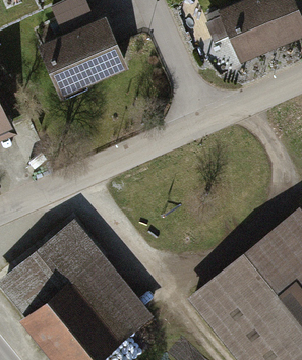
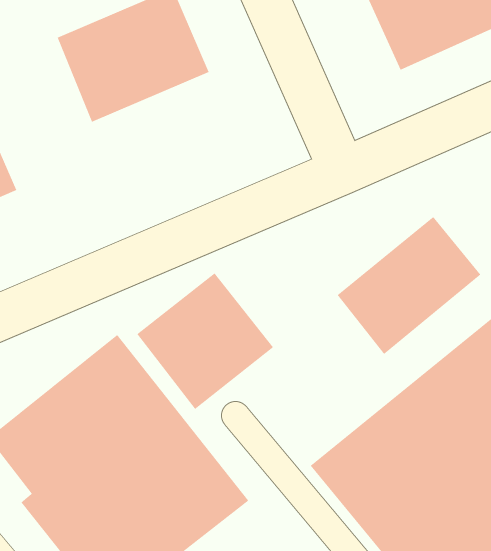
building: none -> [337,216,481,355]
building: none -> [136,273,274,410]

